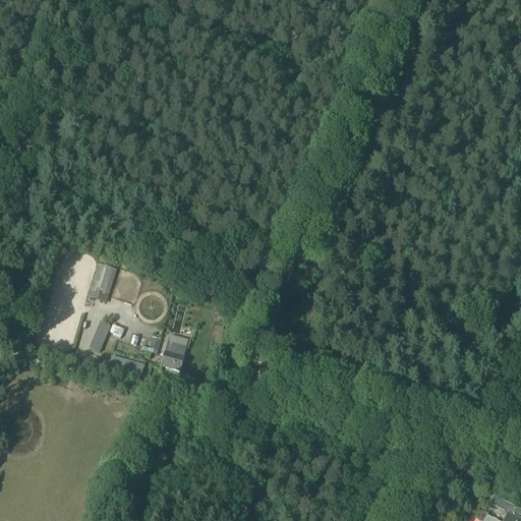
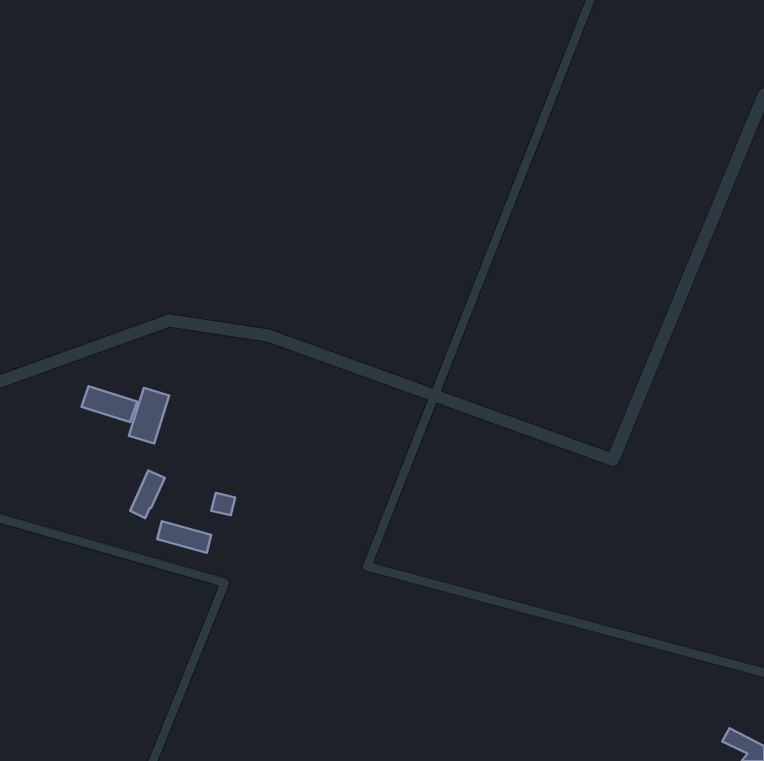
building: none -> [82,386,137,422]
building: [161,341,184,369] -> none

